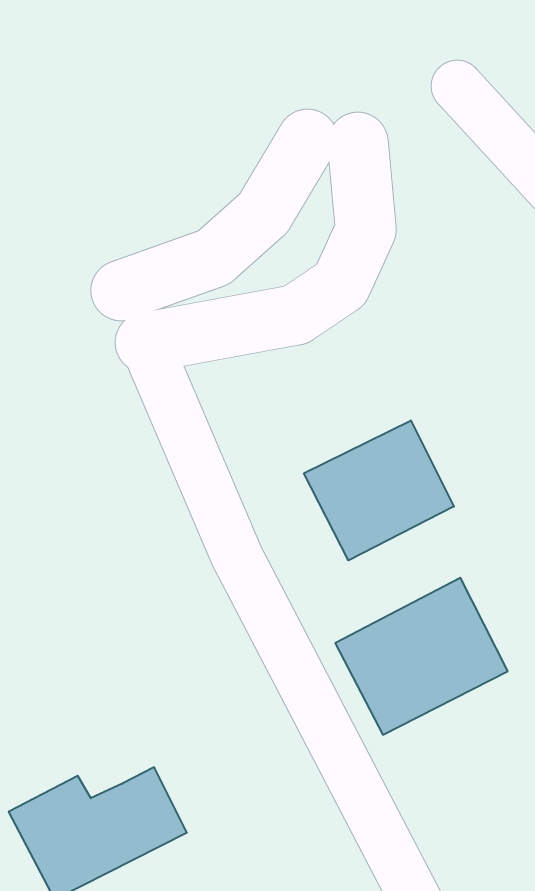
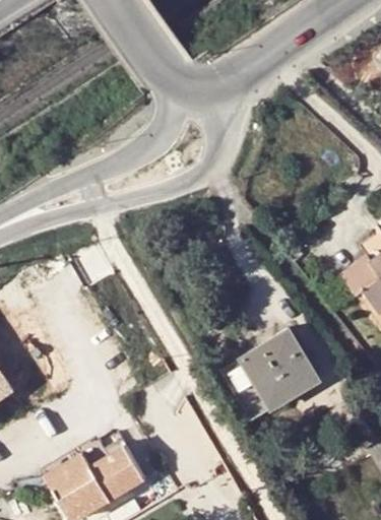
building: [304,420,454,560] -> none

